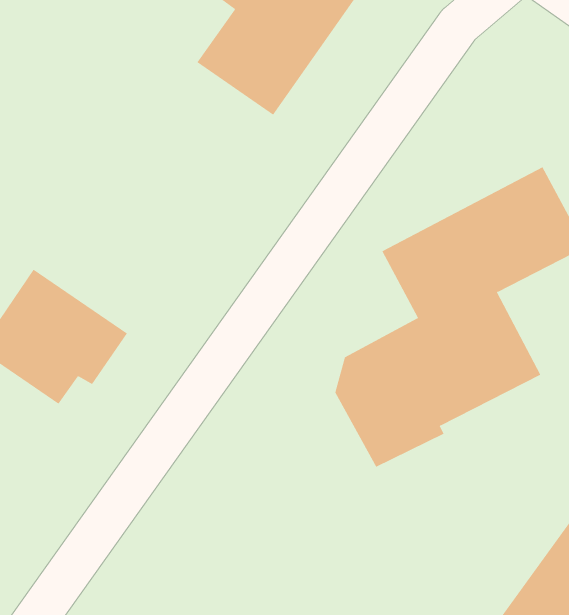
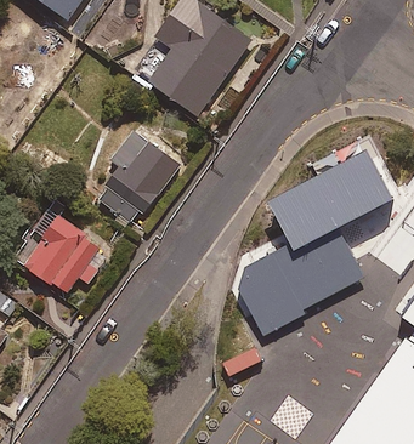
building: none -> [100,132,180,223]

